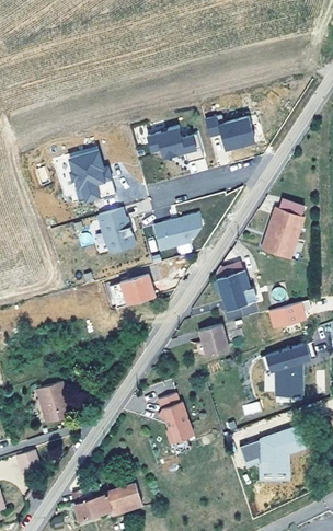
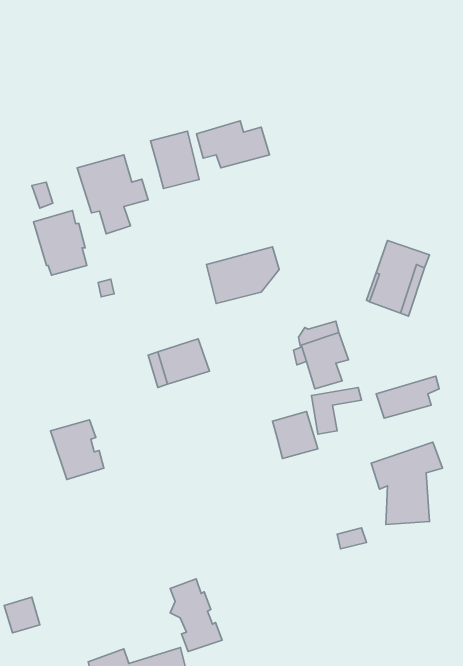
building: [205,116,254,151] -> none
building: none -> [150,131,199,189]
building: [97,207,134,251] -> [34,211,87,275]
building: [36,381,72,422] -> [51,420,104,479]
building: [159,392,194,441] -> [170,579,222,652]
building: [246,426,315,481] -> none

